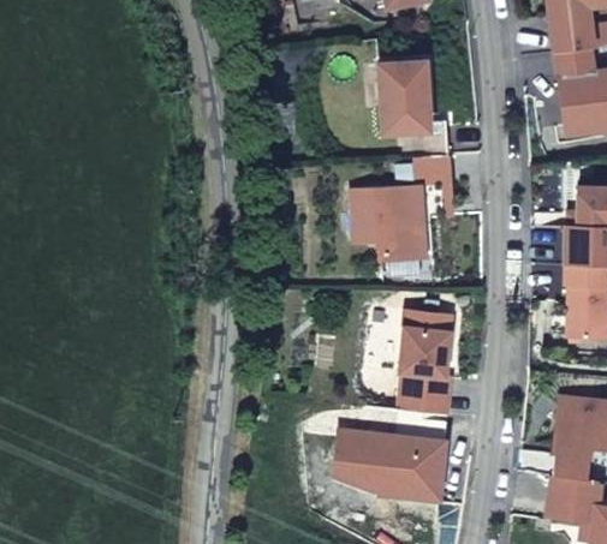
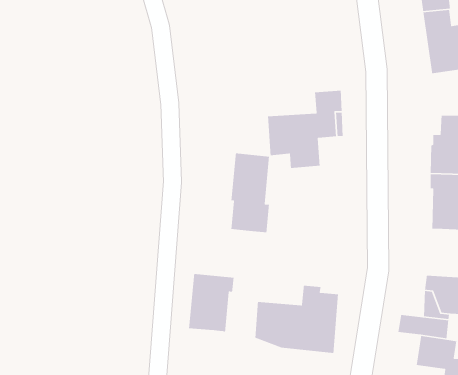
building: [379,60,450,159] -> none
building: [399,309,451,414] -> [230,152,270,233]
building: none -> [188,273,235,332]

